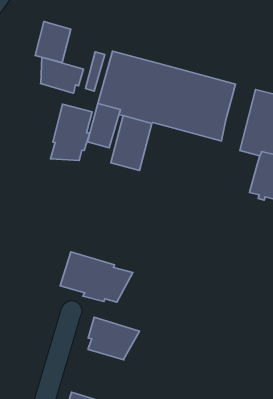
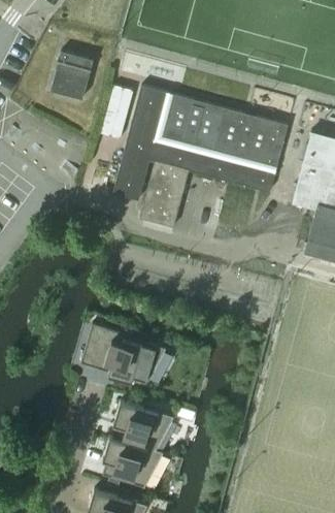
building: [41,57,84,93] -> none
building: [50,104,92,161] -> none
building: none -> [102,437,163,488]

